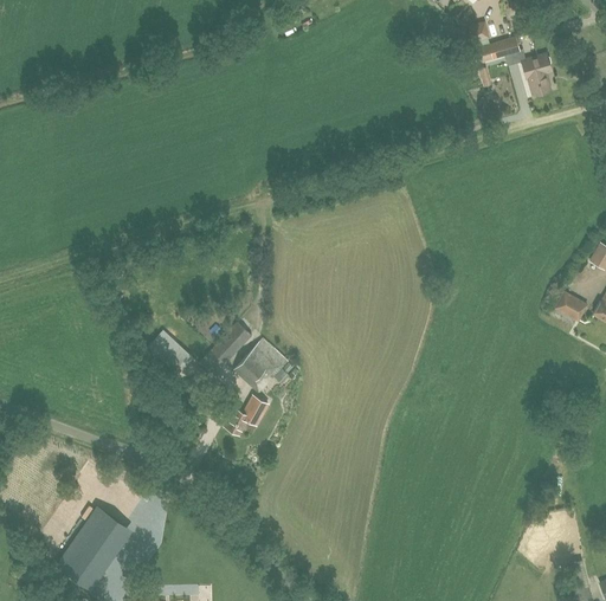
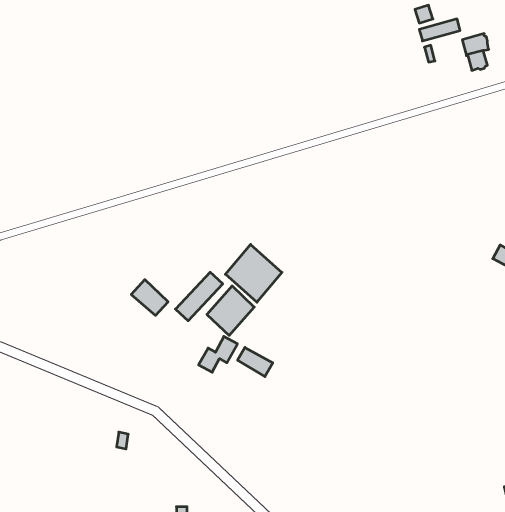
building: none -> [225,244,282,302]
building: none -> [238,347,273,377]
building: [57,506,125,584] -> none

